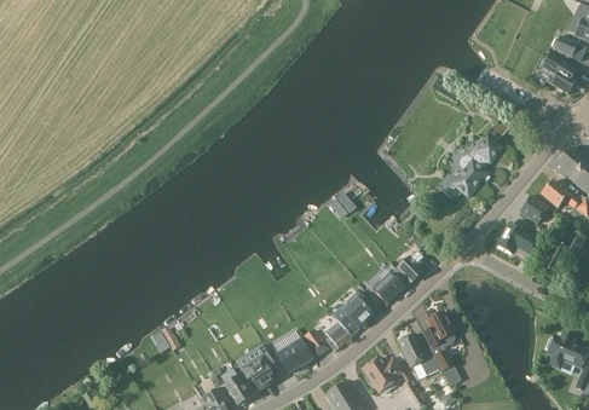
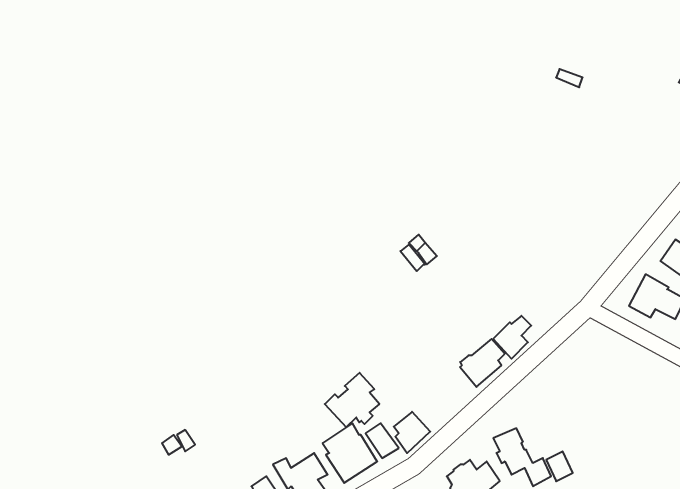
building: [451,137,501,196] -> none
building: [333,291,373,331] -> [325,373,379,427]
building: [423,310,454,353] -> none

